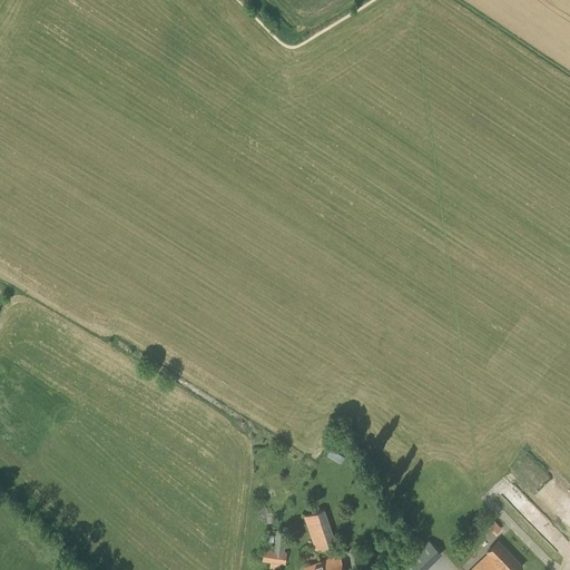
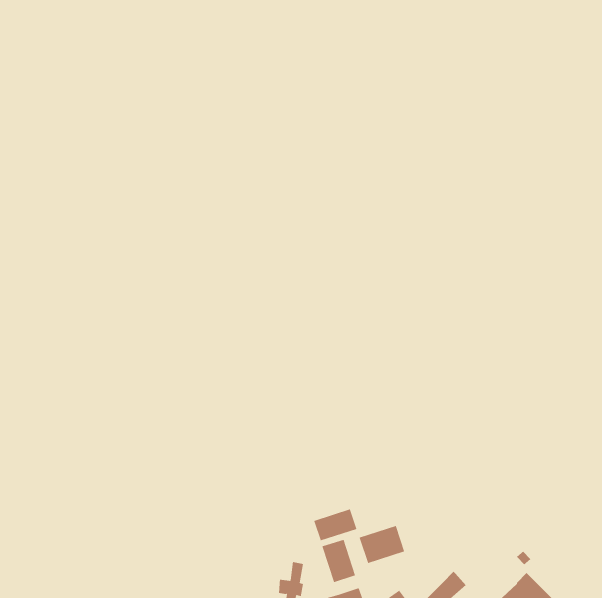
building: none -> [314,509,357,541]
building: none -> [359,525,405,564]

